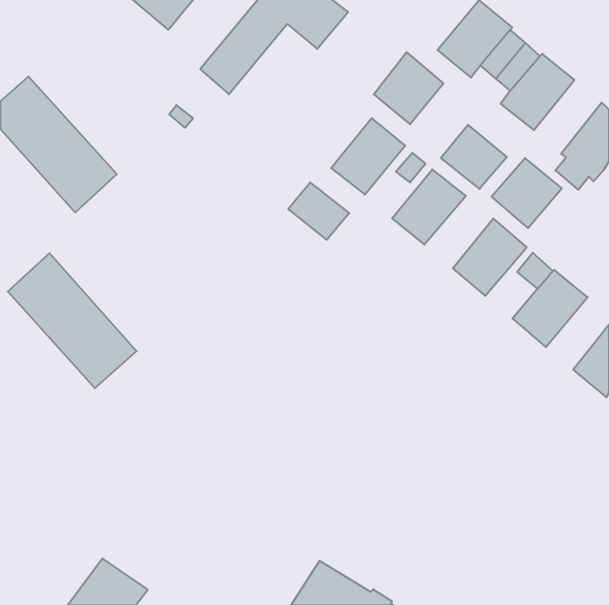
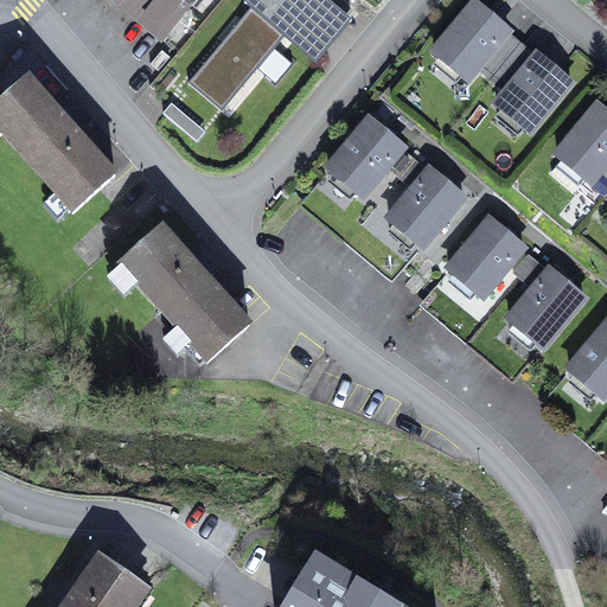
building: [374,52,443,124] -> none
building: [441,125,507,189] -> none
building: [491,158,562,228] -> none
building: [288,182,349,240] -> none
building: [8,253,137,388] -> [122,226,250,360]

